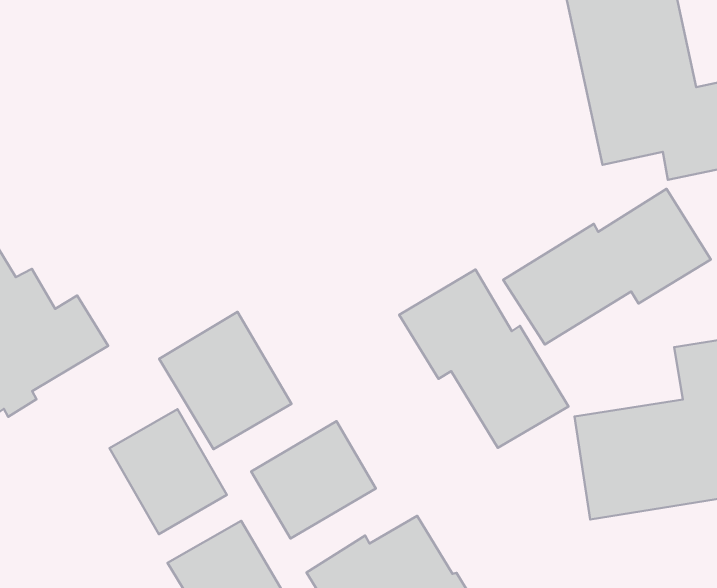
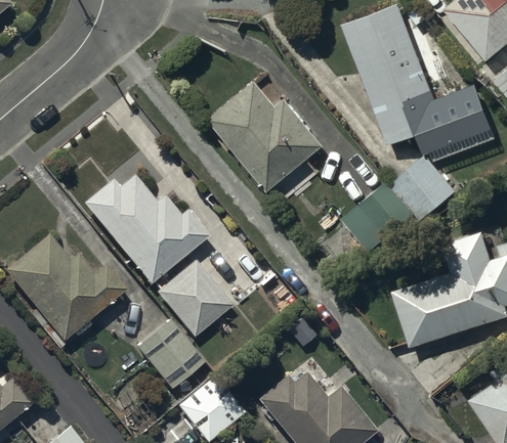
building: none -> [207,80,325,194]
building: none -> [82,176,208,284]
building: [399,269,568,448] -> none
building: [251,421,376,539] -> none

